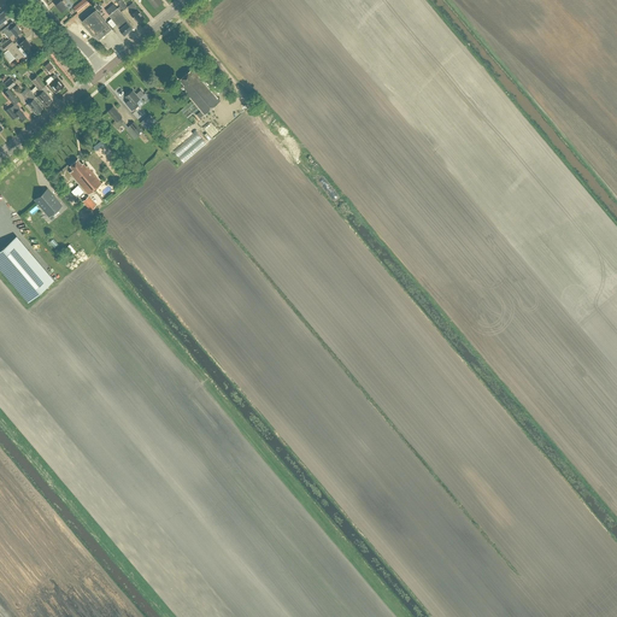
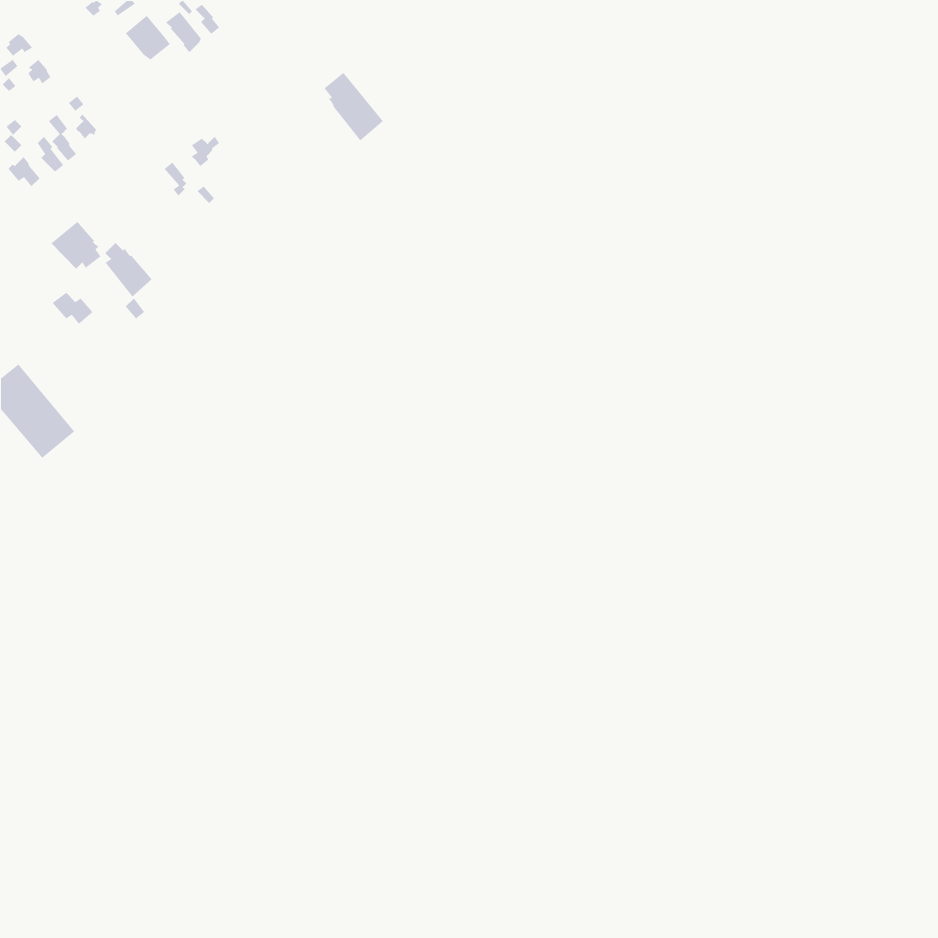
building: [180,69,219,114] -> [323,72,384,142]
building: none -> [50,221,101,269]

